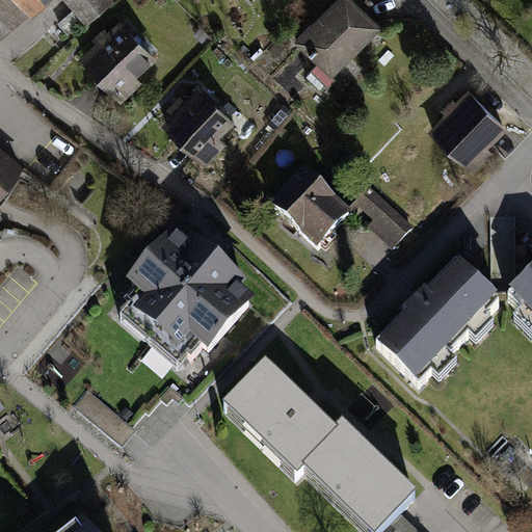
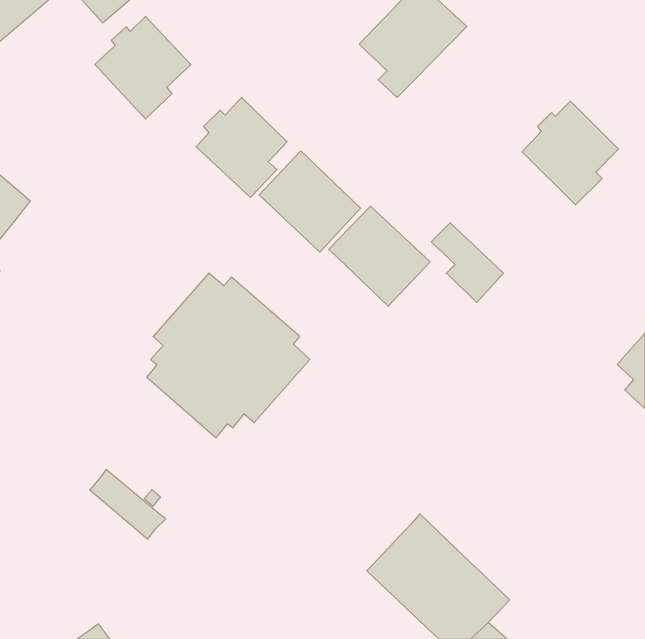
building: none -> [259,151,361,252]
building: [376,264,500,388] -> none
building: [221,360,338,473] -> none

